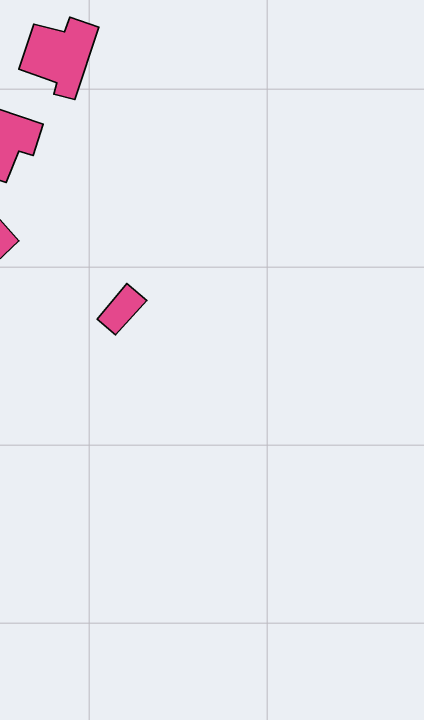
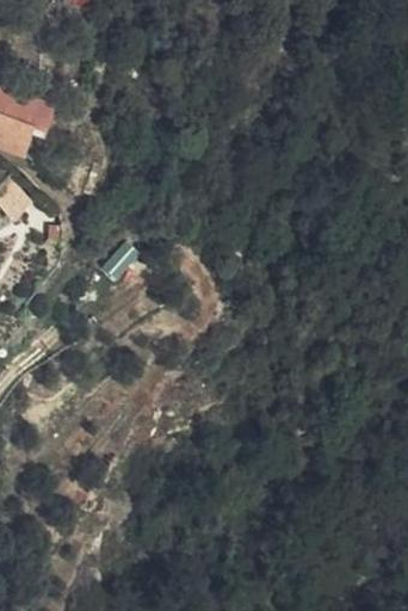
building: [19,17,99,99] -> none

